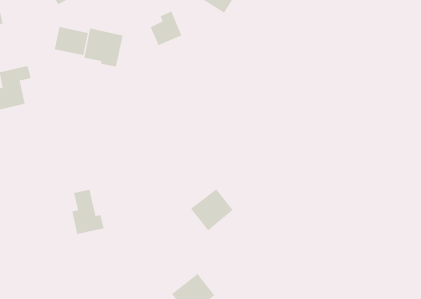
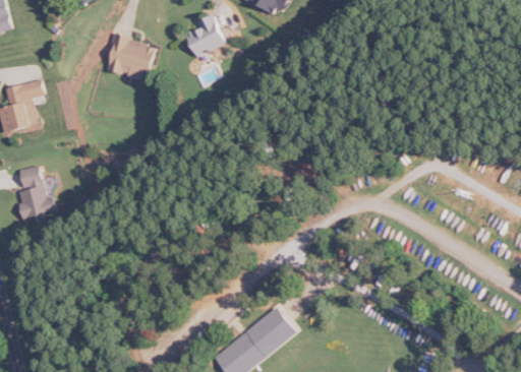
building: [54,26,89,56] -> none
building: [190,189,234,231] -> [243,304,295,355]
building: [71,189,105,234] -> [16,166,56,220]

